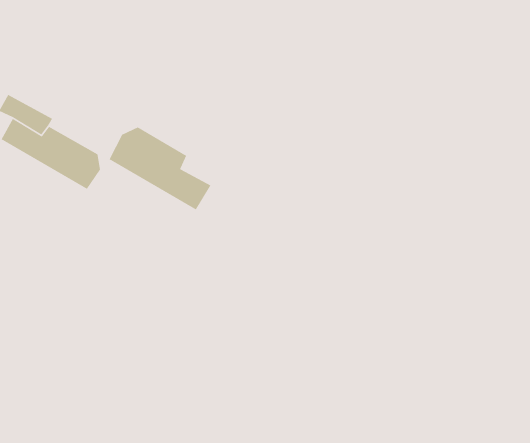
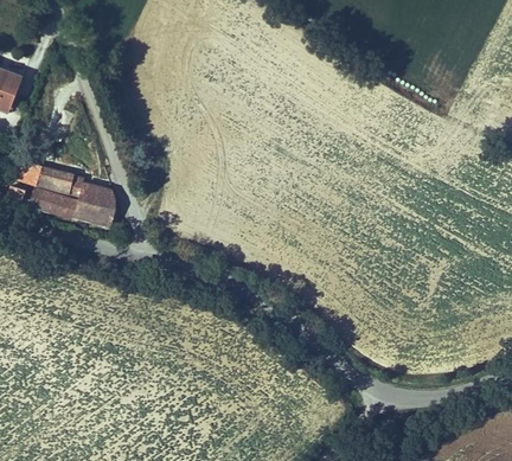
building: [109,126,211,210] -> none

